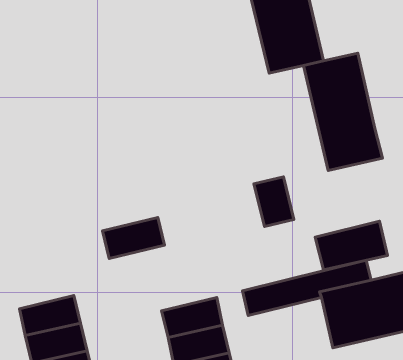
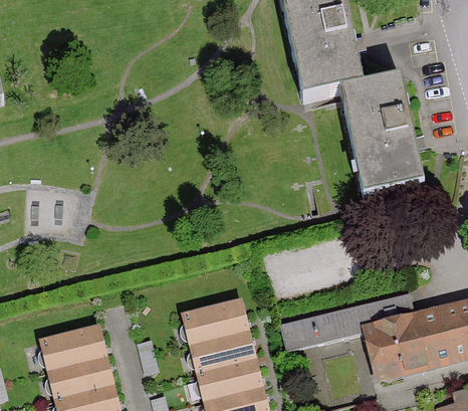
building: [254,177,294,227] -> none
building: [102,218,164,259] -> [184,300,249,344]
building: [315,221,387,270] -> none

